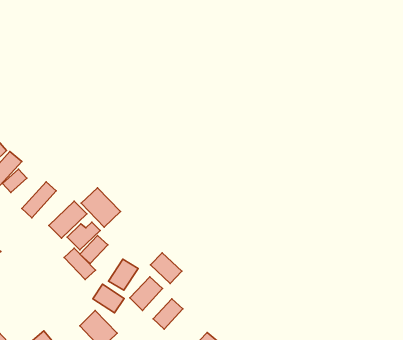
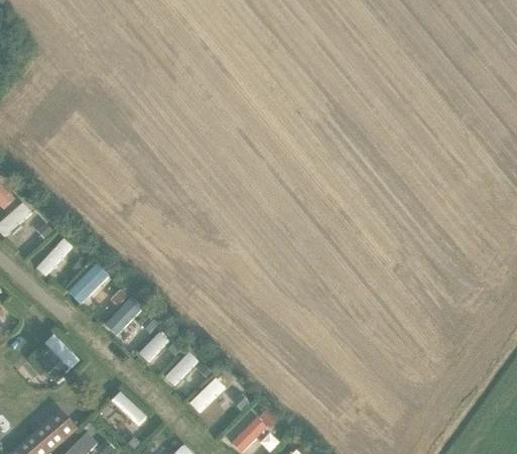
building: [81,188,121,227] -> none
building: [64,248,95,279] -> [40,331,78,368]
building: [150,253,182,283] -> none
building: [93,284,124,313] -> none

